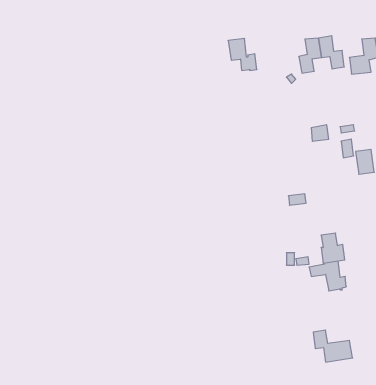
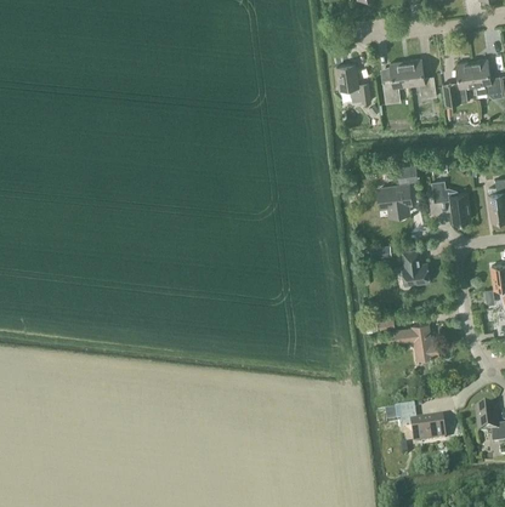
building: [228,39,257,70] -> [336,64,370,102]
building: none -> [379,186,410,216]
building: [321,233,345,263] -> [402,250,430,285]

